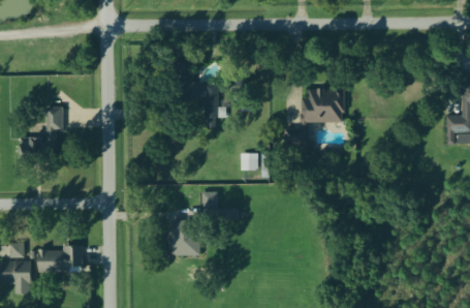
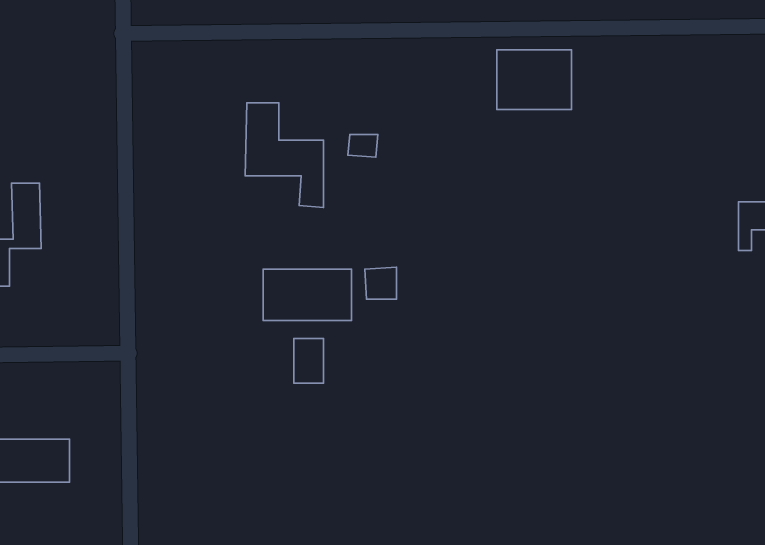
building: [303,89,344,122] -> [497,50,571,110]
building: none -> [263,269,352,320]
building: [169,222,198,254] -> none

